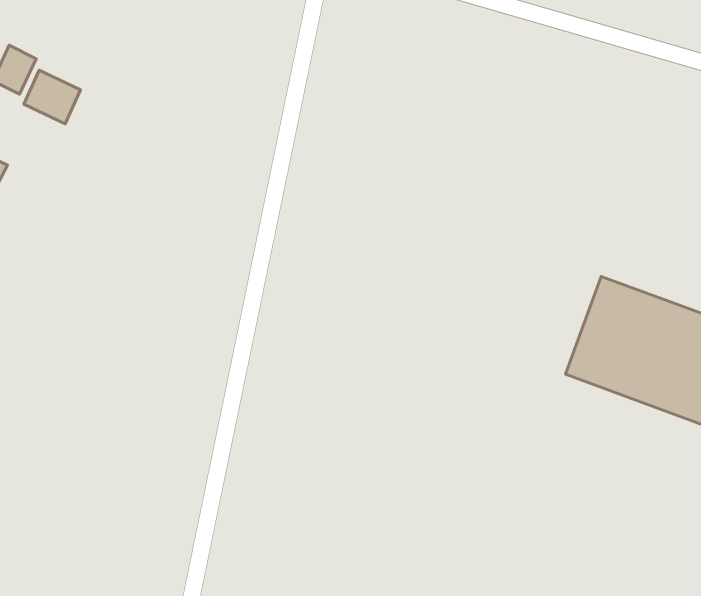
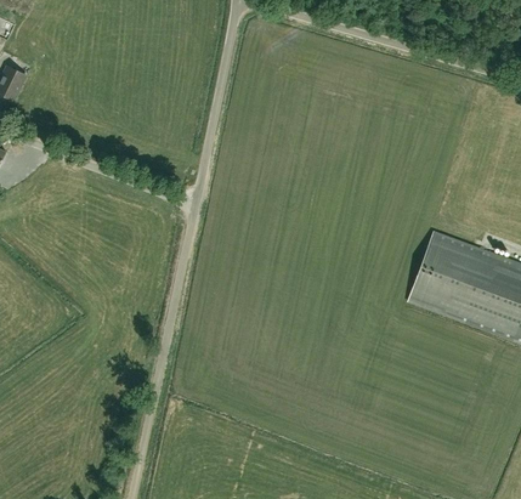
building: [24,70,81,124] -> none

